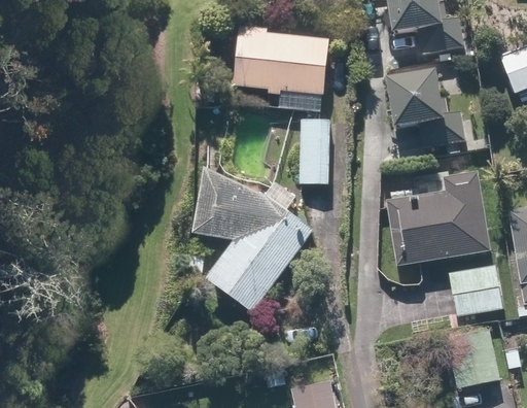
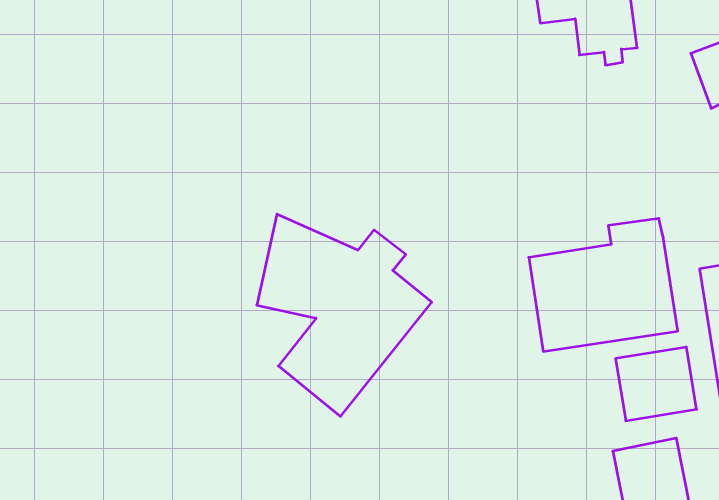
building: [215,26,329,112] -> none
building: [386,71,465,154] -> none
building: [296,117,330,184] -> none

